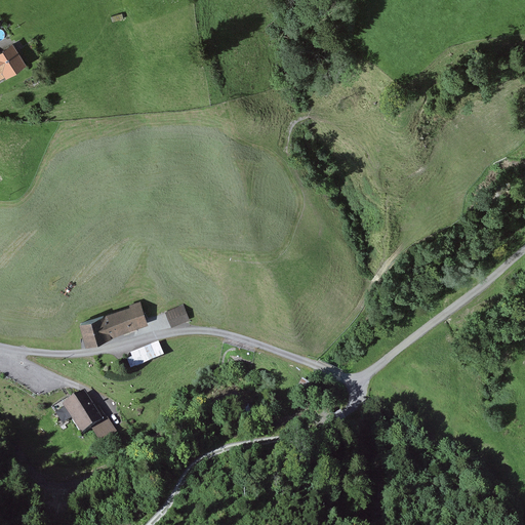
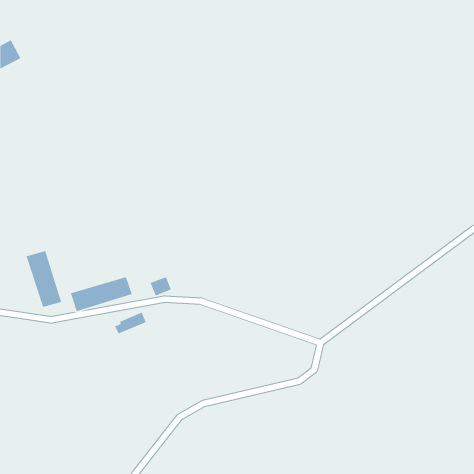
building: none -> [25,250,62,308]
building: [60,392,116,445] -> none

